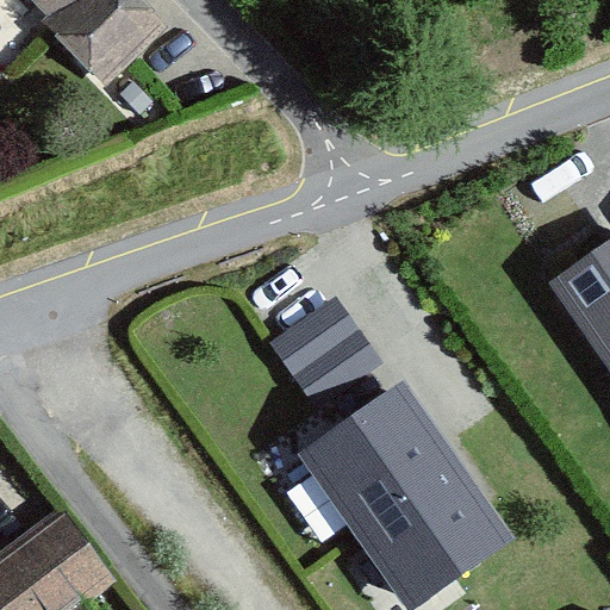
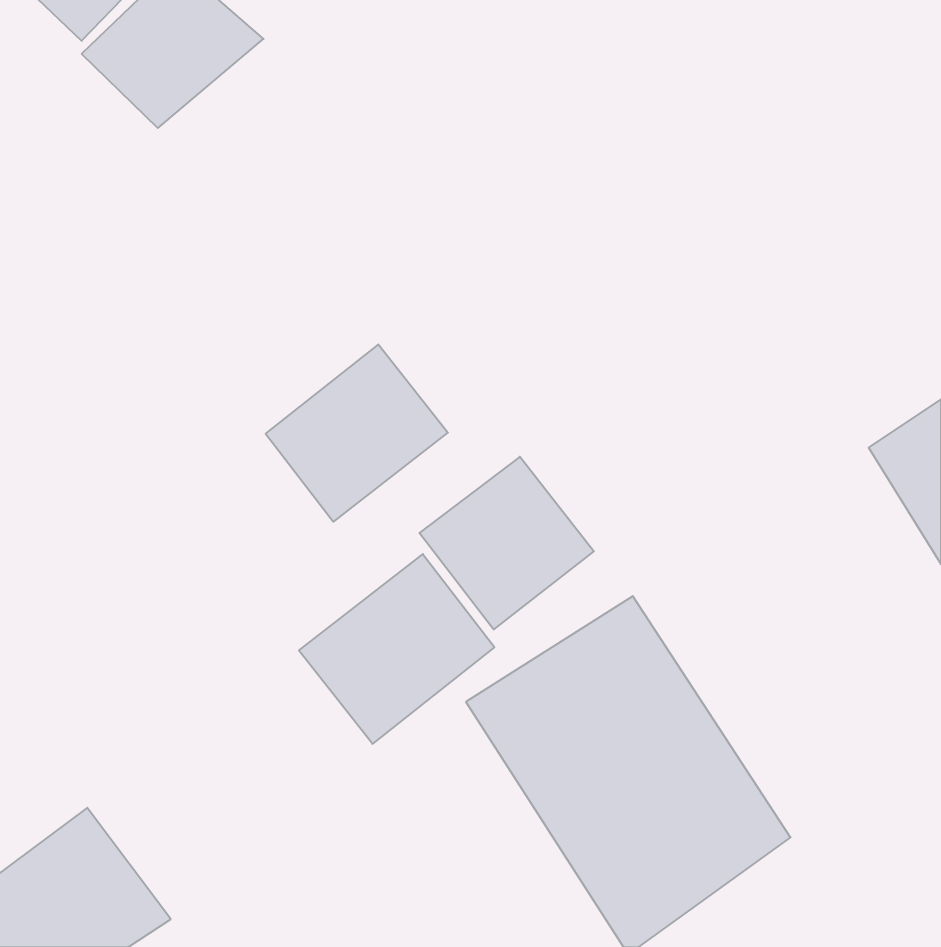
building: none -> [266,344,448,522]
building: none -> [299,554,494,744]

